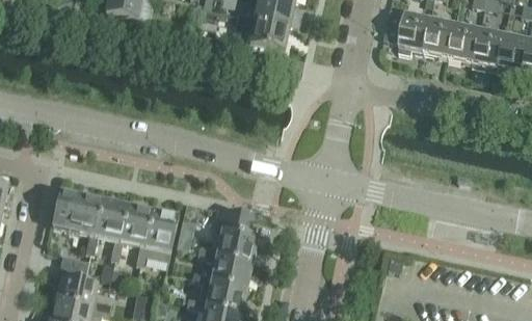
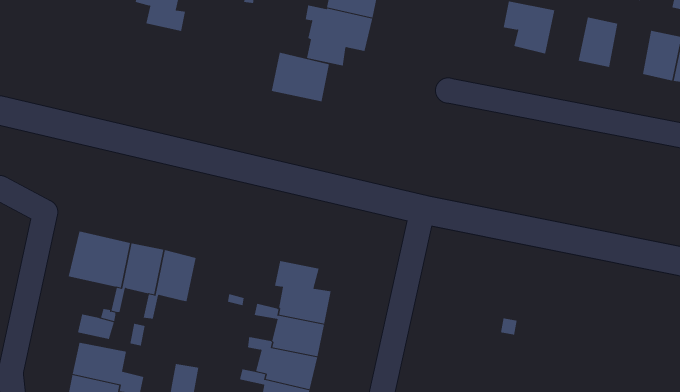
building: [424,19,456,58] -> none
building: [474,29,505,69] -> none
building: none -> [271,52,330,102]
building: [136,211,179,265] -> none

